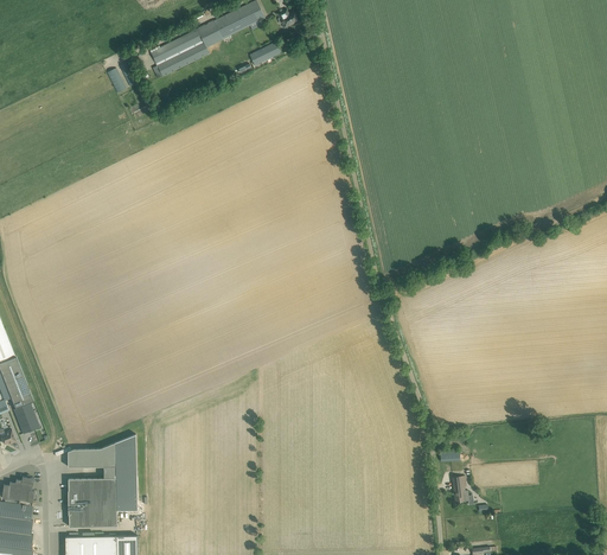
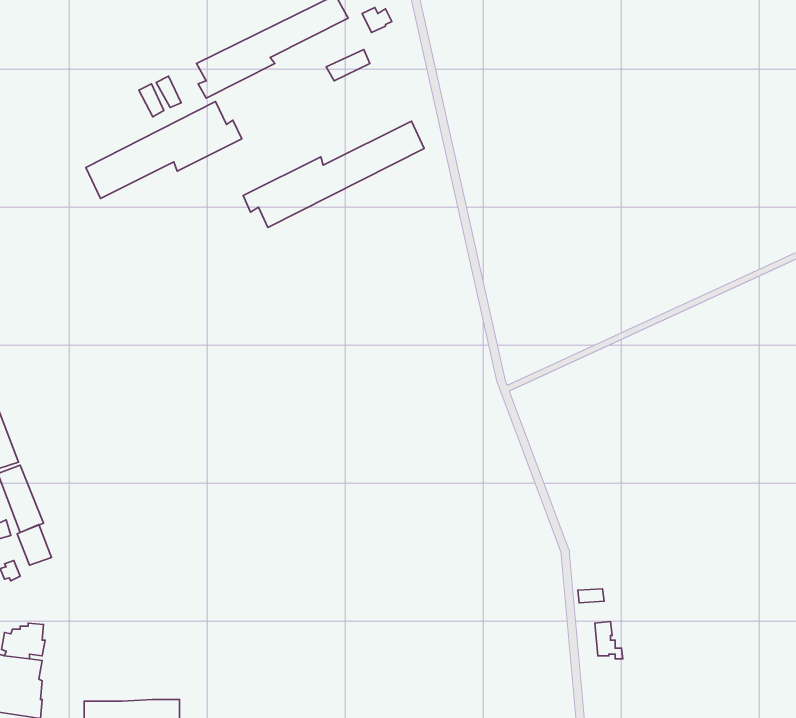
building: none -> [86,101,242,198]
building: none -> [243,121,424,227]
building: [66,434,136,527] -> none

